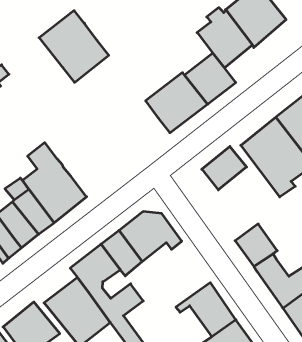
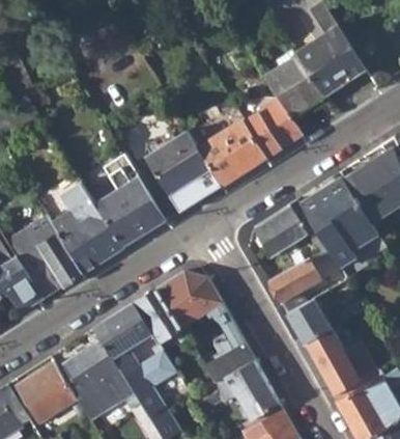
building: [39,11,109,82] -> [145,132,222,213]
building: none -> [92,155,166,249]
building: none -> [266,260,318,303]
building: none -> [200,317,252,383]

